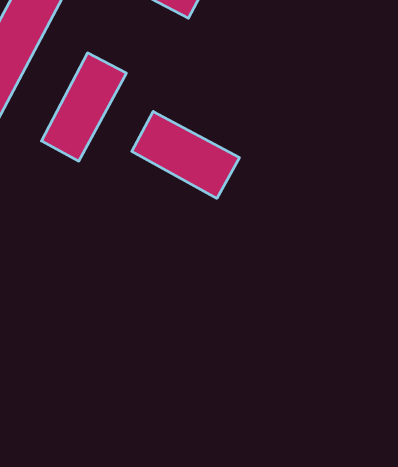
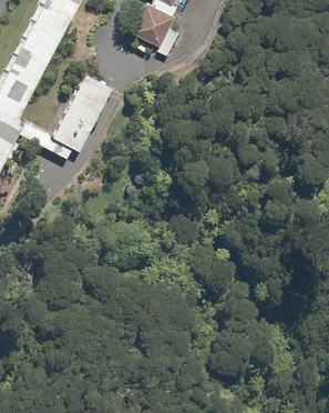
building: [132,111,239,198] -> none

